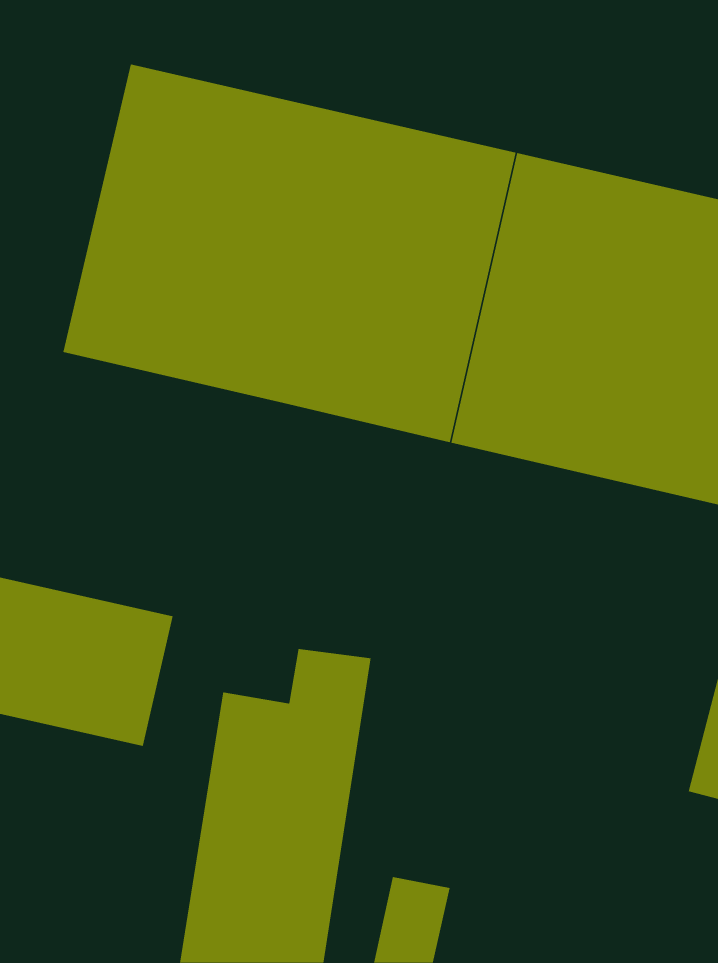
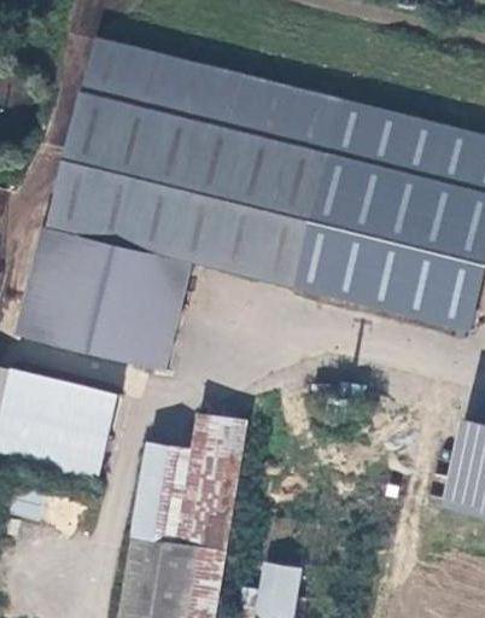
building: none -> [19,226,186,369]

